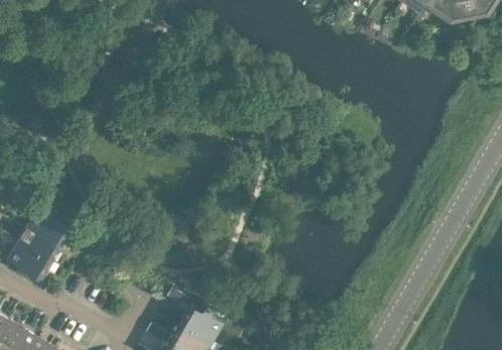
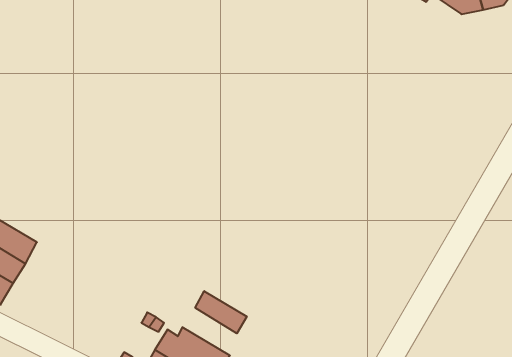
building: none -> [195,291,247,333]

